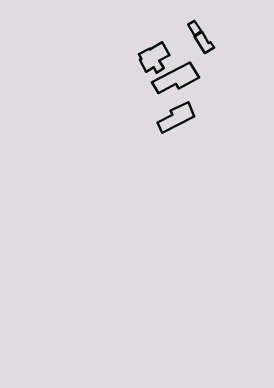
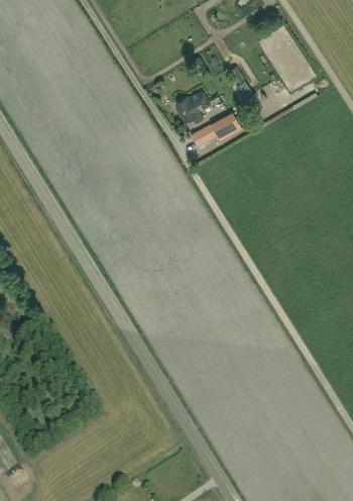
building: [157,102,194,133] -> none

